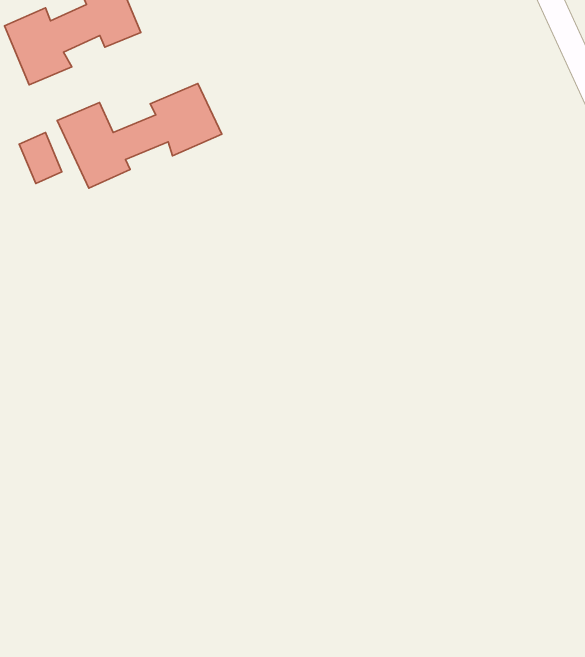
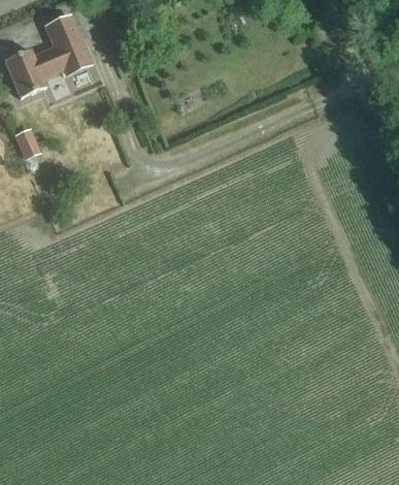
building: [57,83,222,188] -> none

